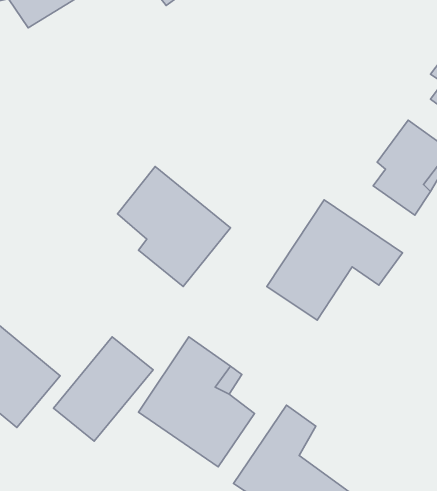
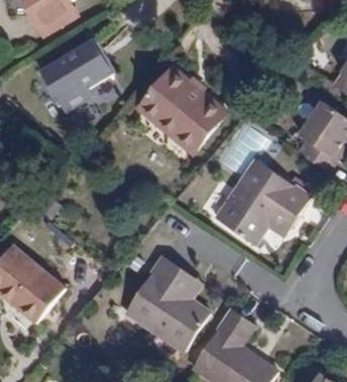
building: none -> [42,40,116,110]
building: [118,166,231,287] -> [145,66,227,152]
building: [53,337,153,441] -> none

